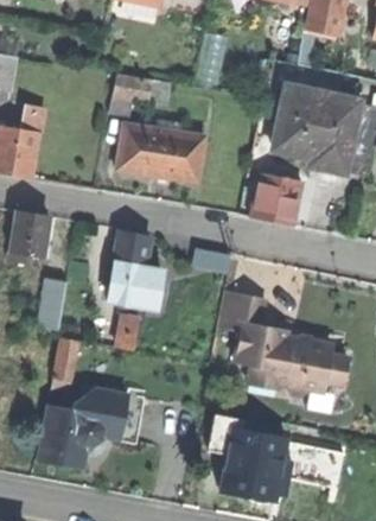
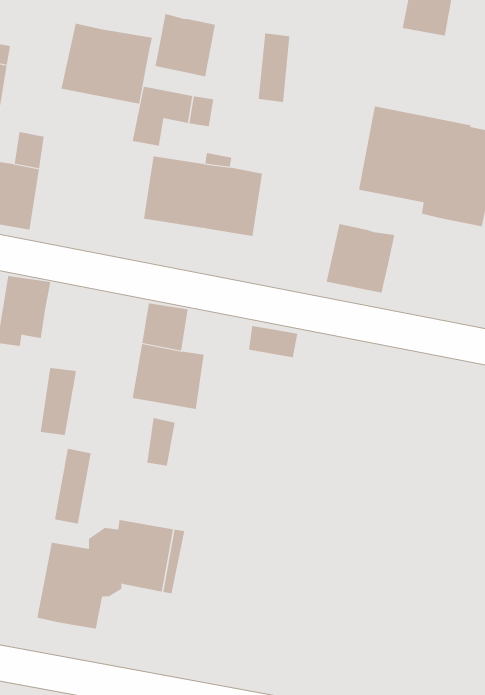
building: none -> [155,13,216,77]
building: none -> [61,23,152,105]
building: [218,293,348,400] -> none
building: [210,414,291,501] -> none

